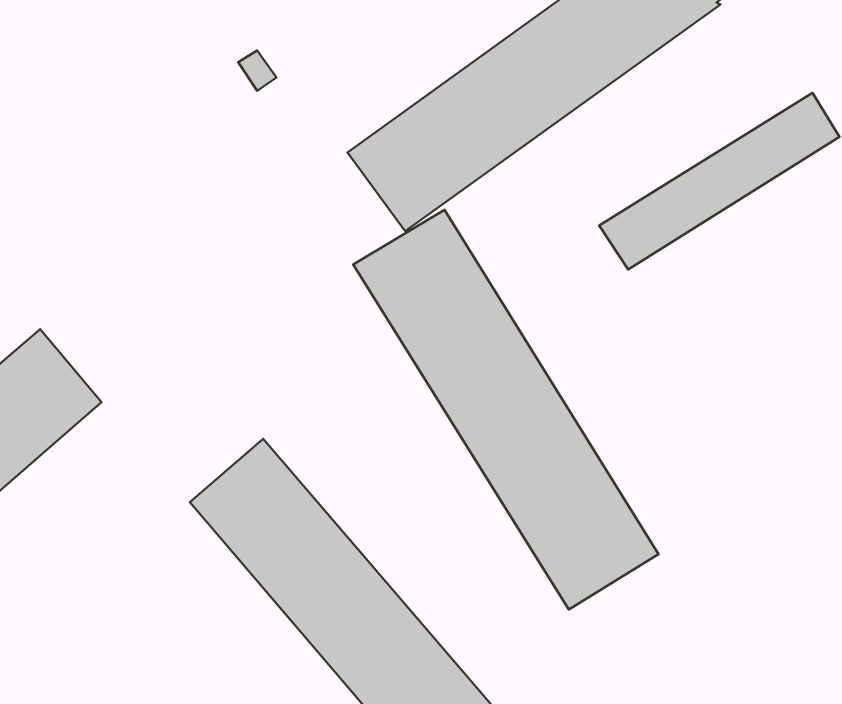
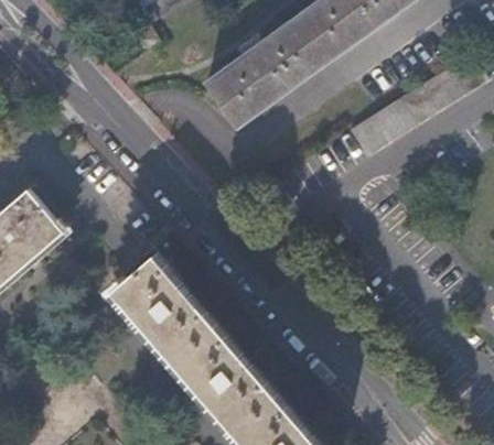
building: [353,210,659,609] -> none

